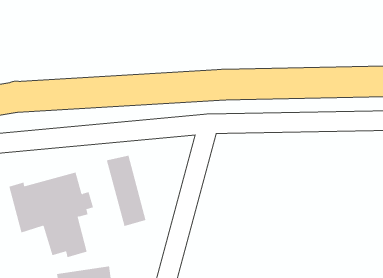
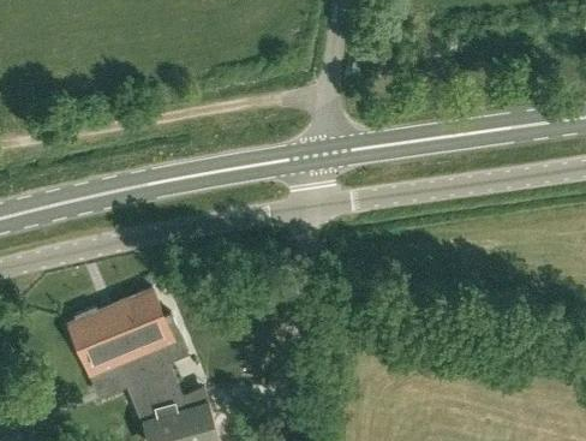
building: [106,155,146,227] -> none

